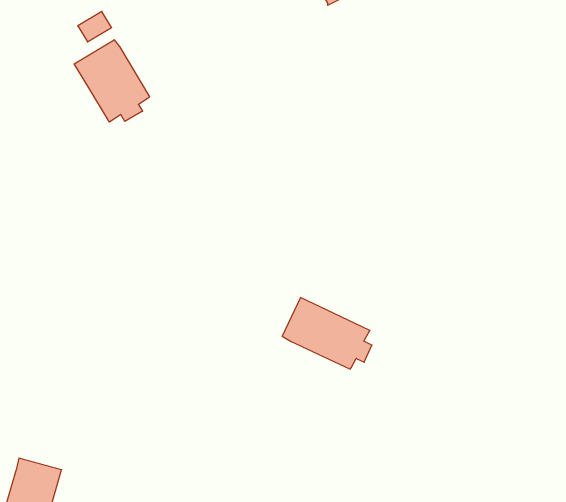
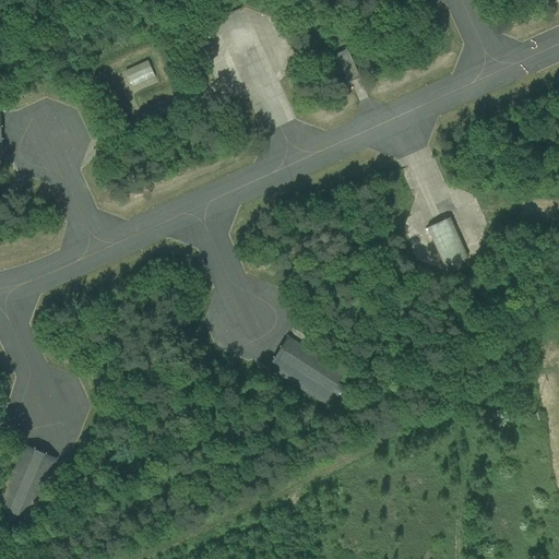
building: [74,40,150,122] -> none
building: none -> [428,216,468,266]

